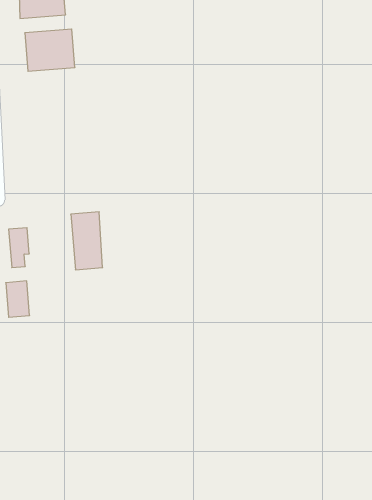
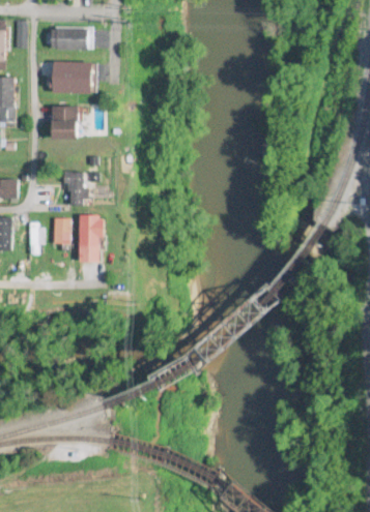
building: none -> [52,107,78,139]
building: none -> [66,173,86,206]
building: [6,281,30,317] -> [51,217,68,246]

